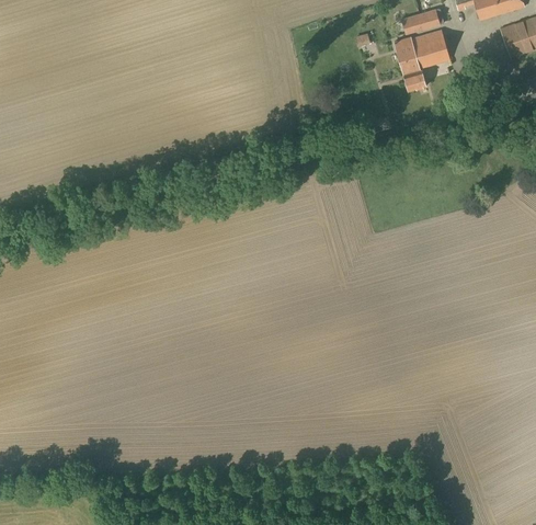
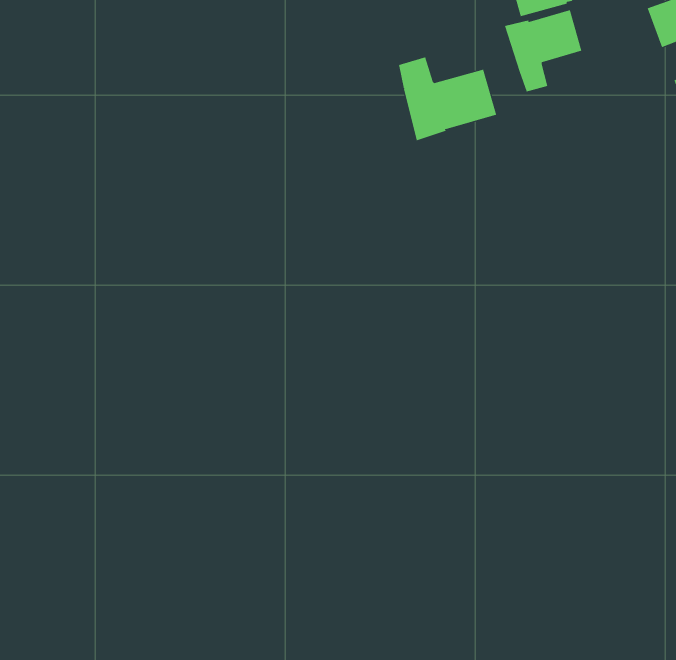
building: none -> [399,56,497,141]

